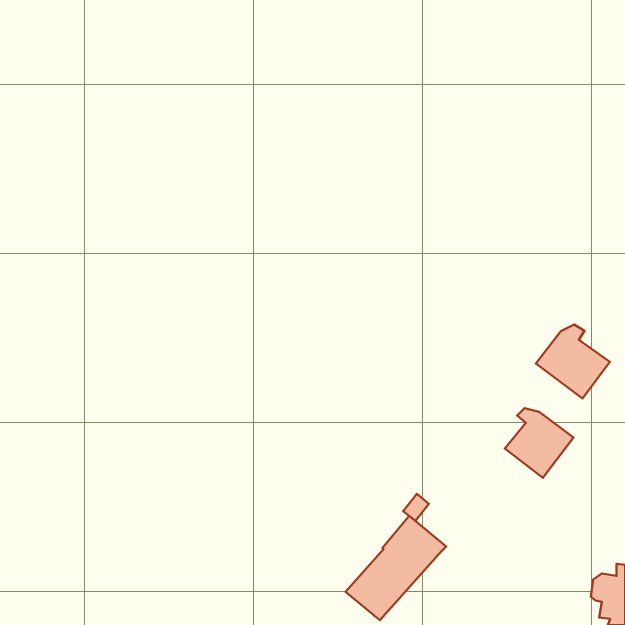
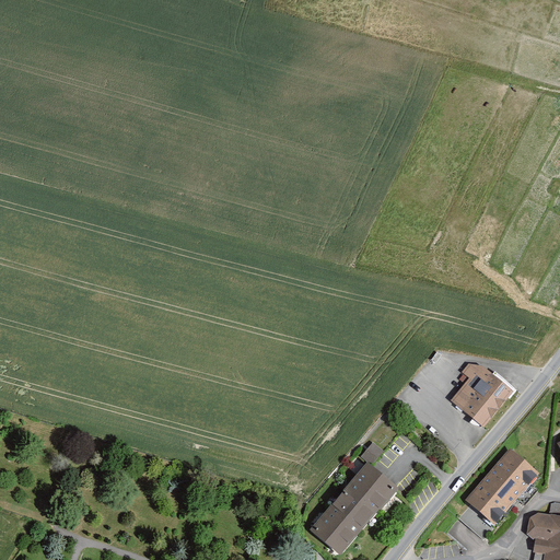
building: [536,325,610,399] -> none
building: none -> [467,451,536,523]

